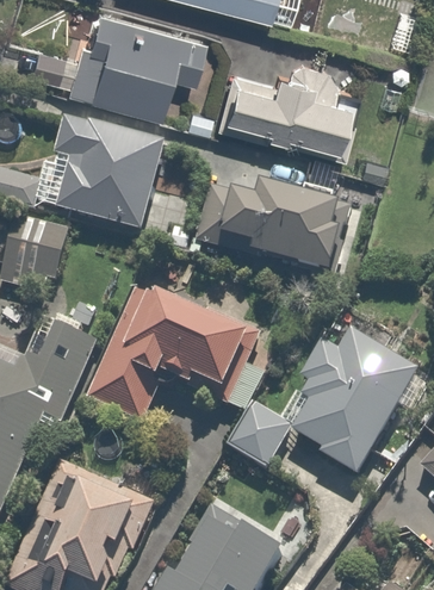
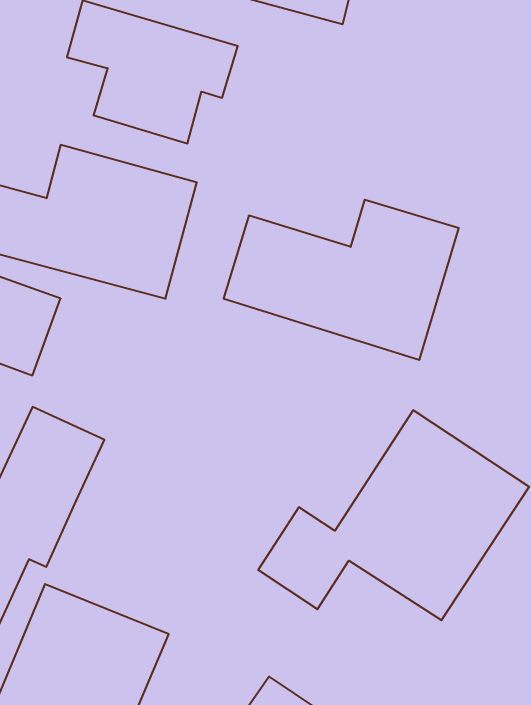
building: [215,57,353,156] -> none
building: [78,274,256,418] -> none

